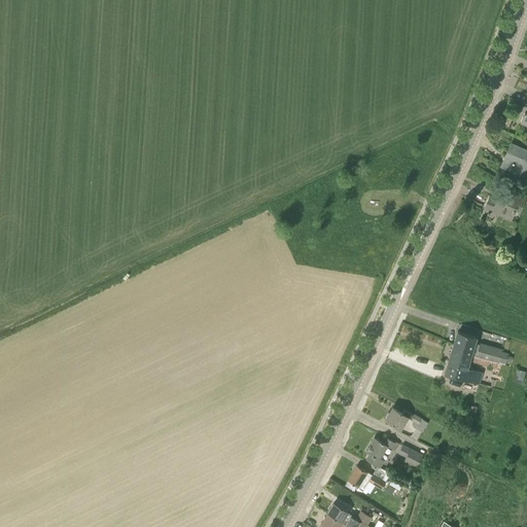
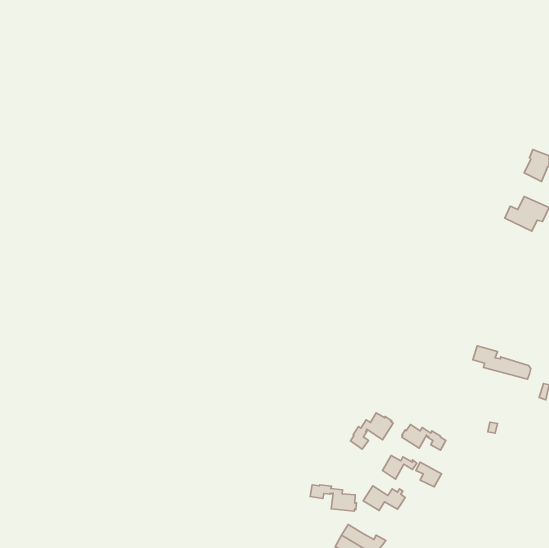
building: [445,346,505,383] -> none
building: none -> [350,413,393,449]
building: none -> [310,485,356,511]

